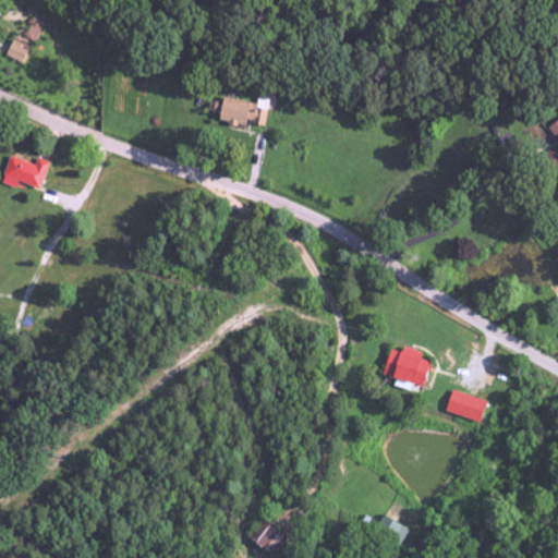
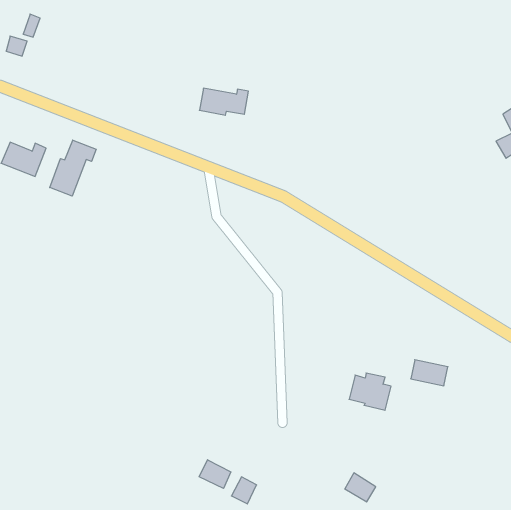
building: none -> [50,140,96,196]
building: [385,347,430,387] -> [349,373,391,410]
building: none -> [199,460,231,488]

